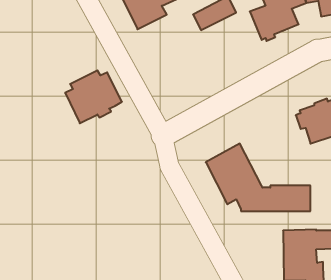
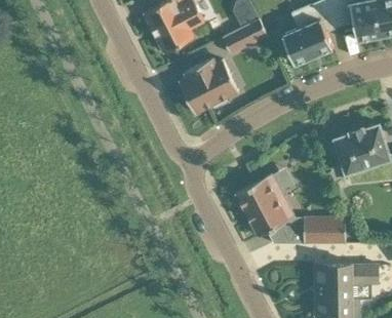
building: [65,70,122,123] -> [180,57,239,113]

